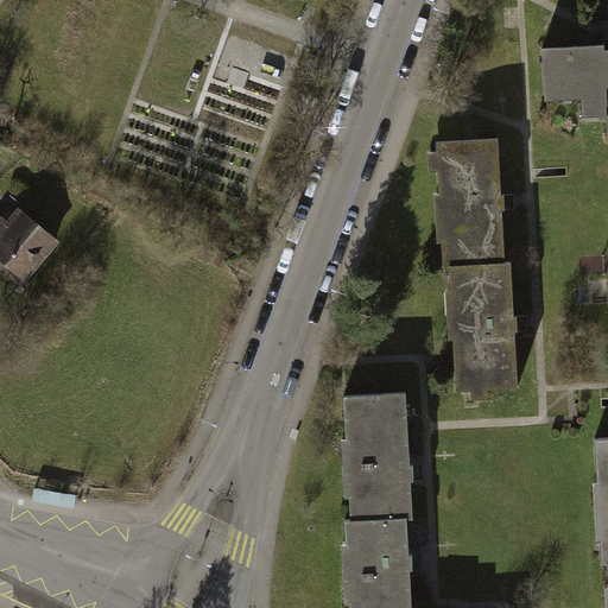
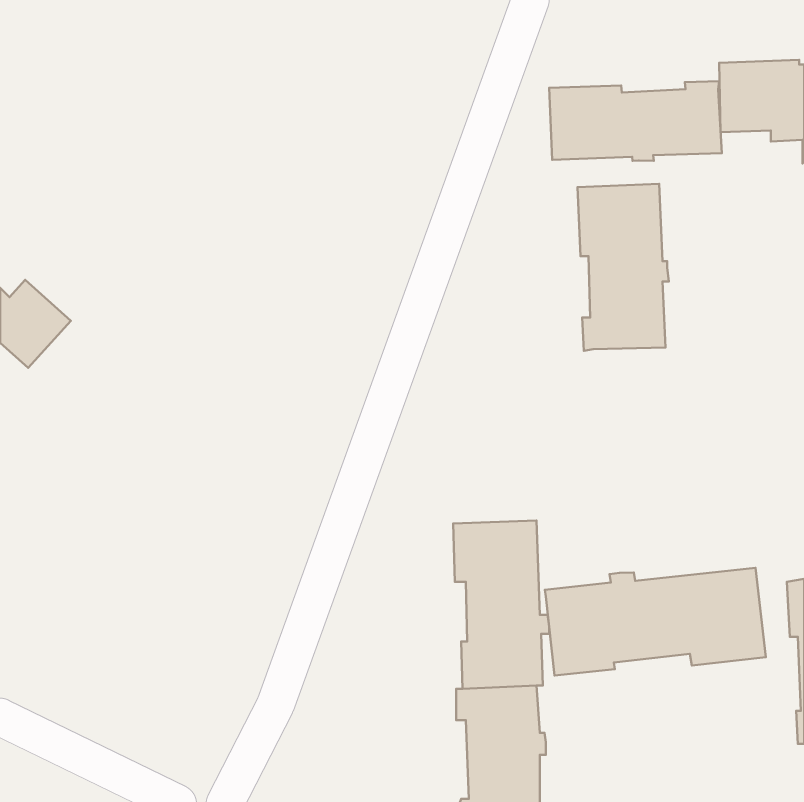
building: none -> [549,81,722,161]
building: [448,262,515,390] -> none
building: none -> [545,568,766,675]

